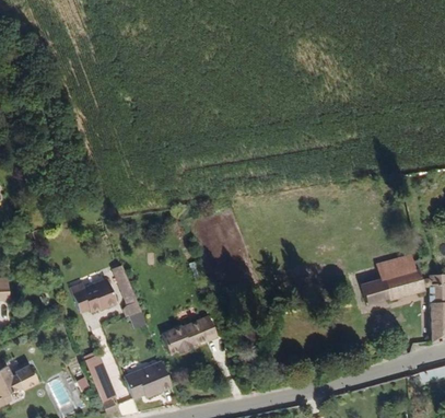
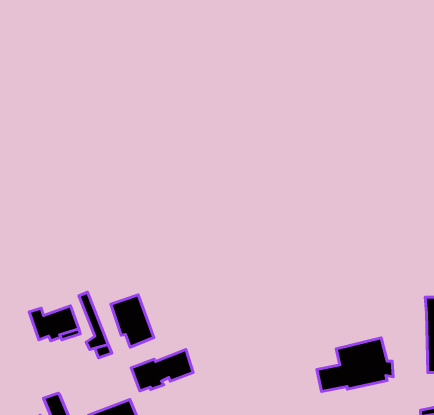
building: [360,248,429,297] -> [317,338,393,391]
building: none -> [111,295,154,347]

